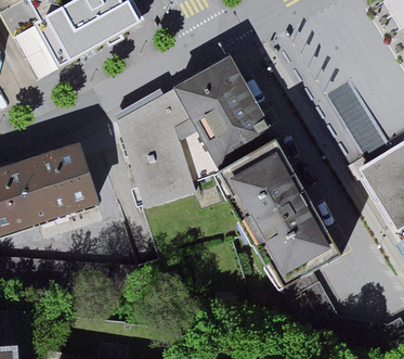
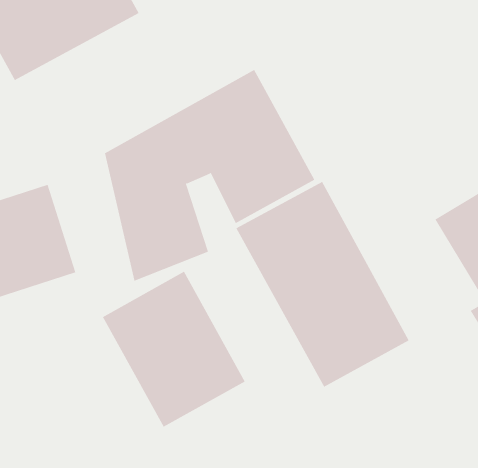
building: none -> [102,271,245,427]

